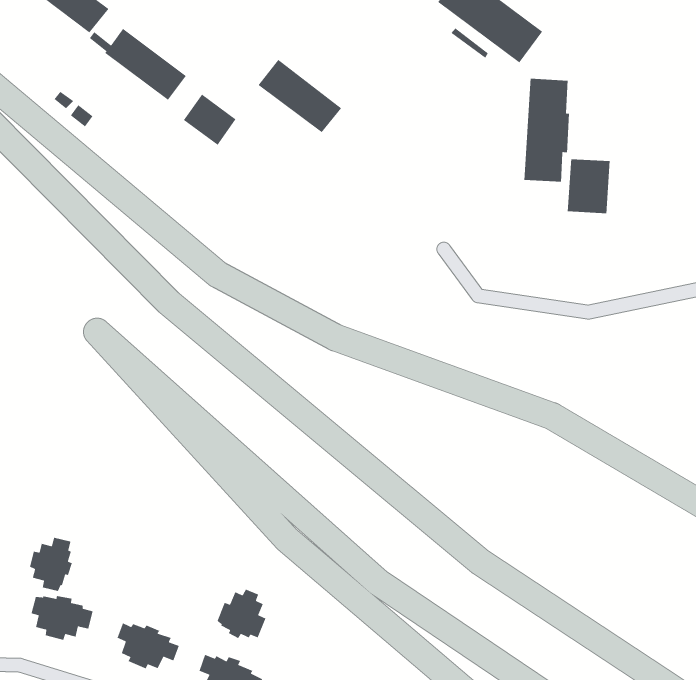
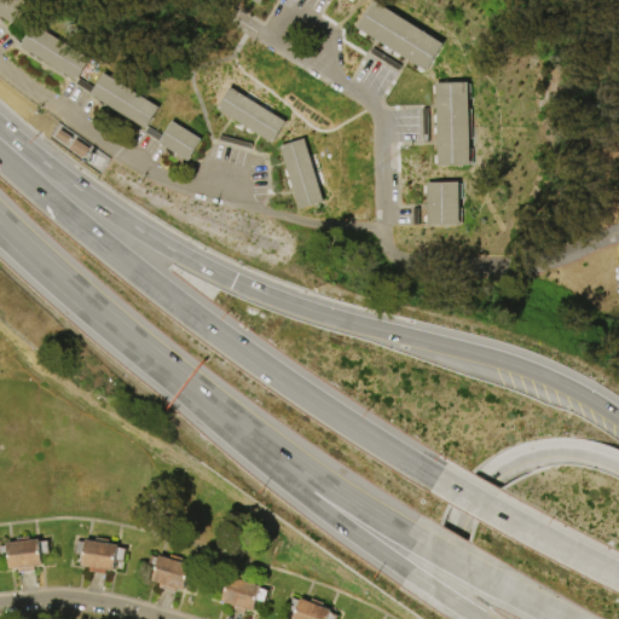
building: none -> [279,138,323,208]
building: [567,158,611,214] -> [426,180,459,225]
building: [29,537,73,592] -> none
building: [216,588,267,639] -> none

